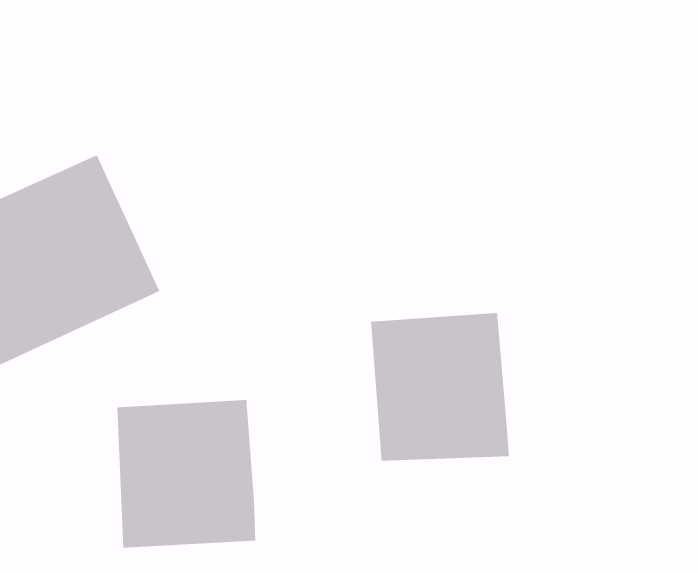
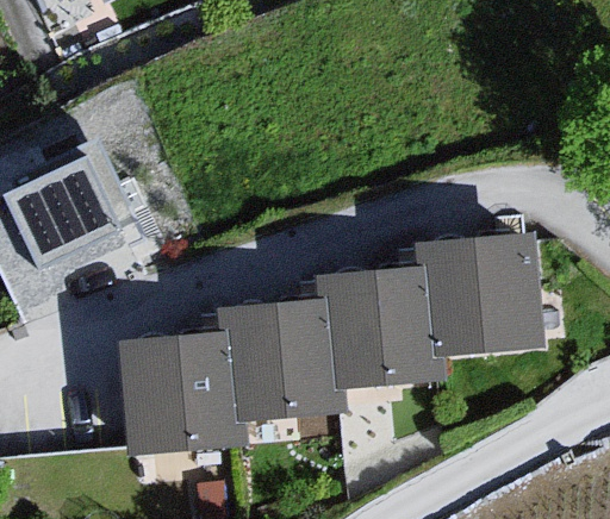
building: none -> [425,233,544,350]
building: none -> [225,305,336,417]

